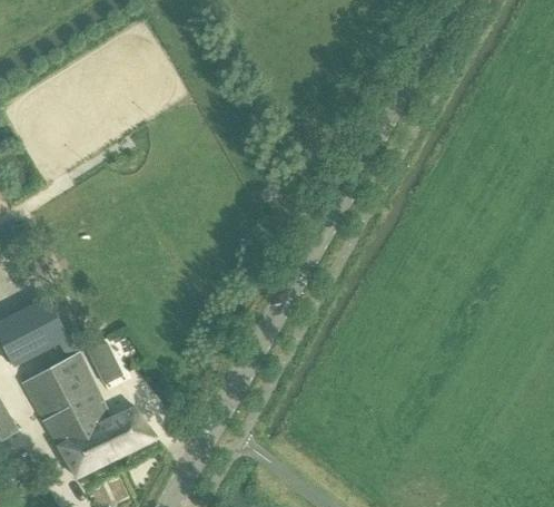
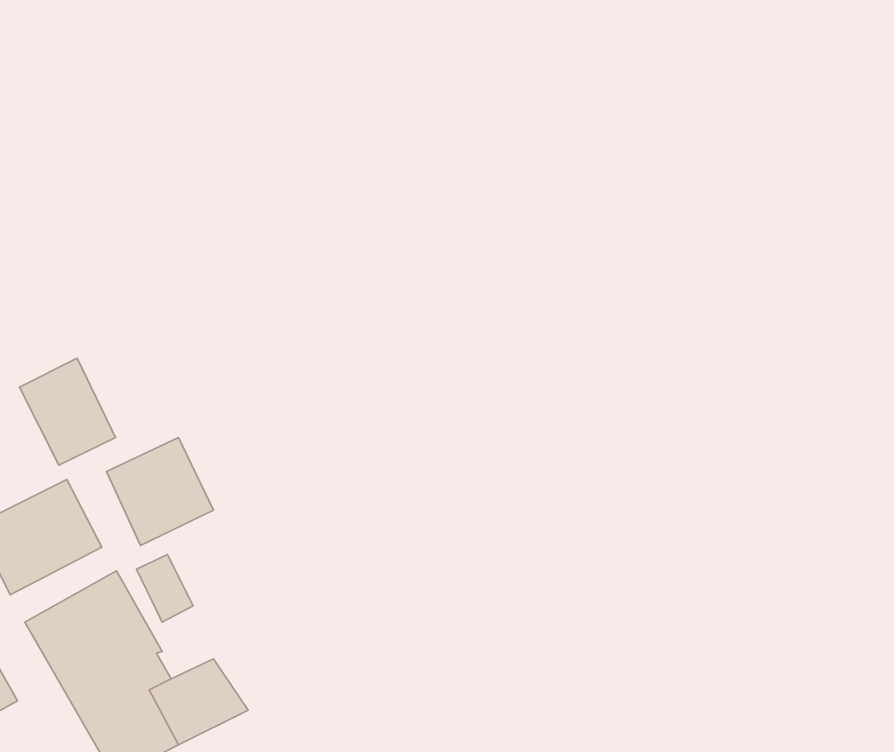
building: none -> [20,358,115,465]
building: none -> [107,437,214,545]

